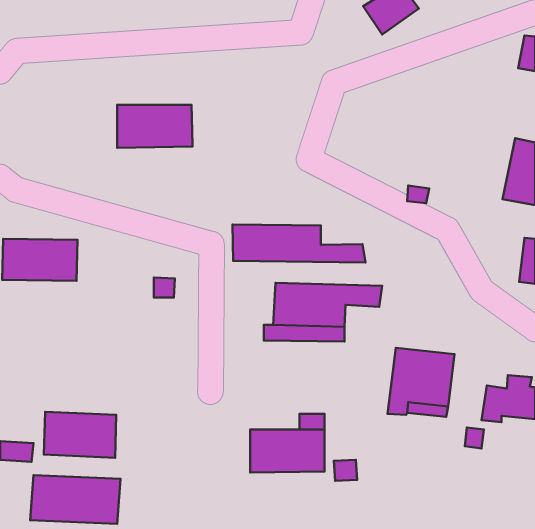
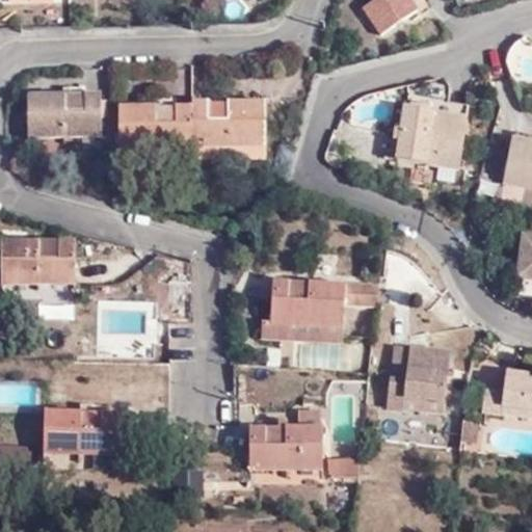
building: none -> [26,92,101,137]
building: none -> [190,100,264,143]
building: none -> [393,105,464,167]
building: [232,225,365,262] -> none
building: [30,475,120,524] -> none

